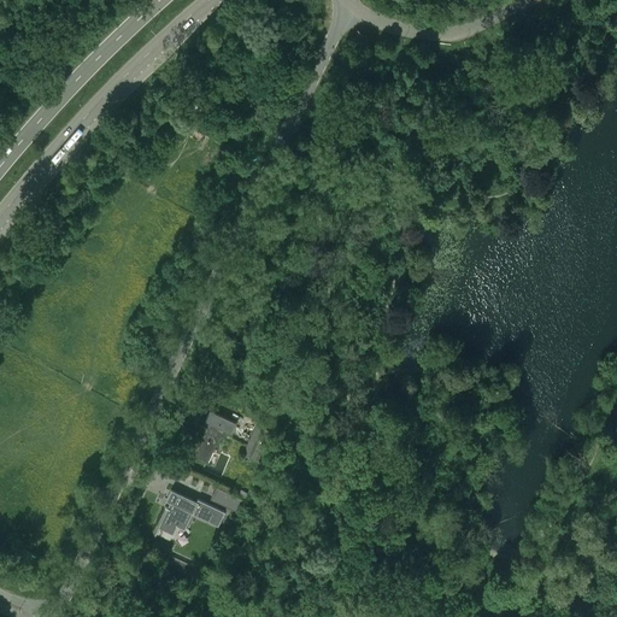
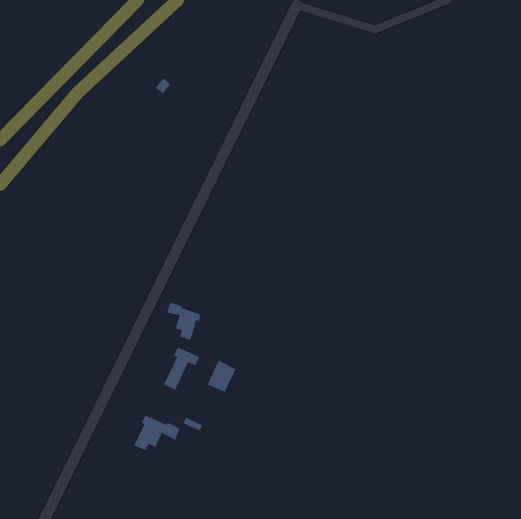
building: none -> [166,302,201,341]

